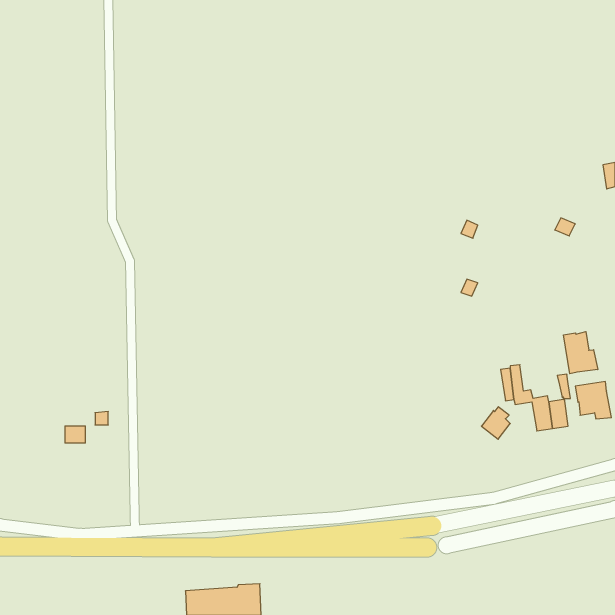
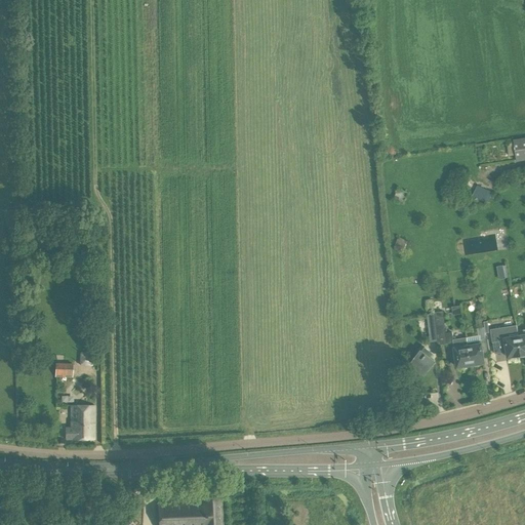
building: [564,332,598,374] -> none
building: none -> [65,405,95,439]

